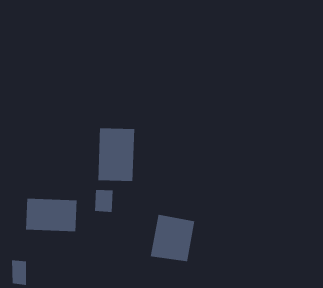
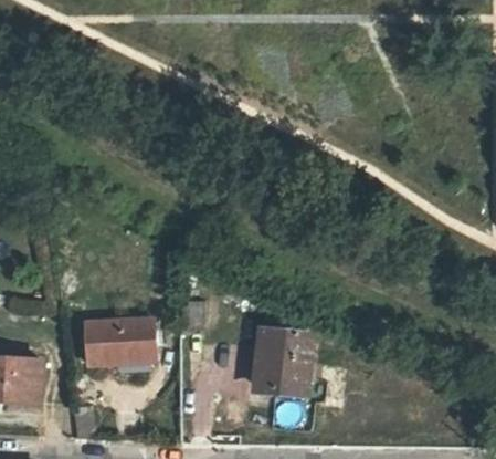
building: [98,128,135,182] -> none

